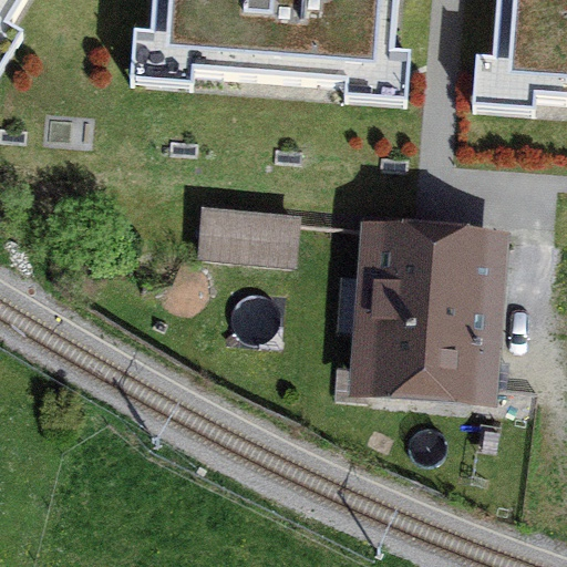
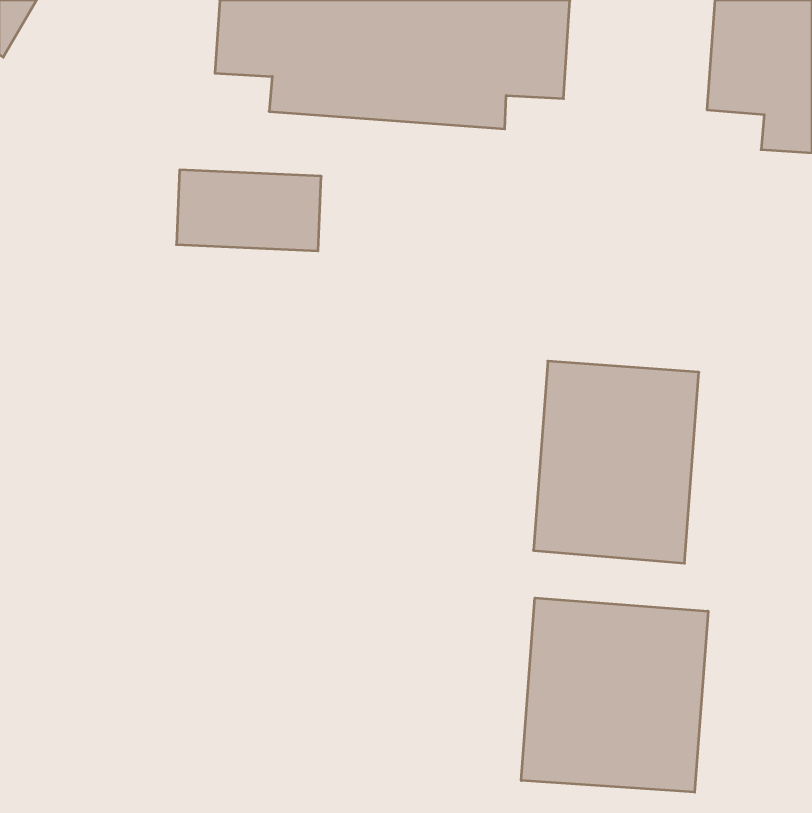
building: [199,203,300,259] -> [176,170,321,251]
building: none -> [521,598,708,792]

